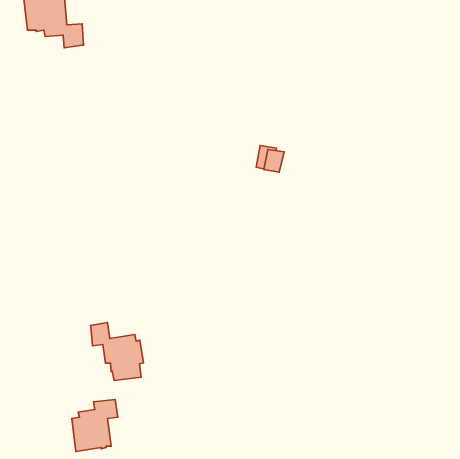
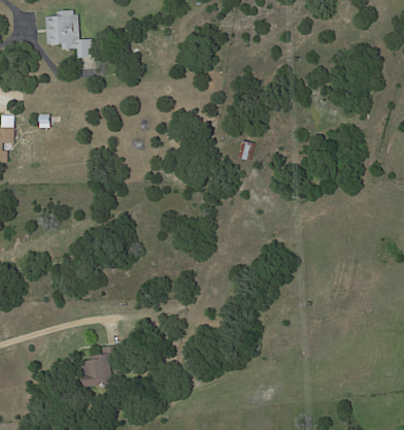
building: [91,322,143,380] -> none

